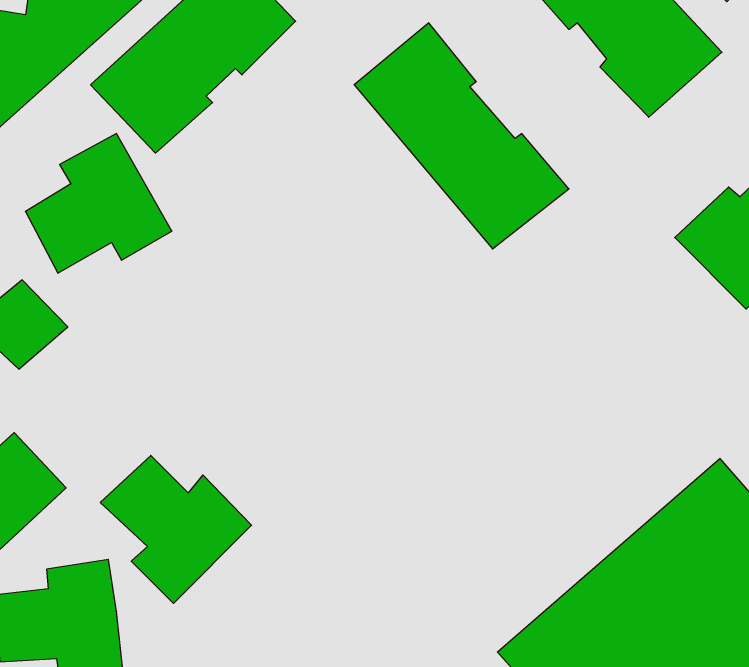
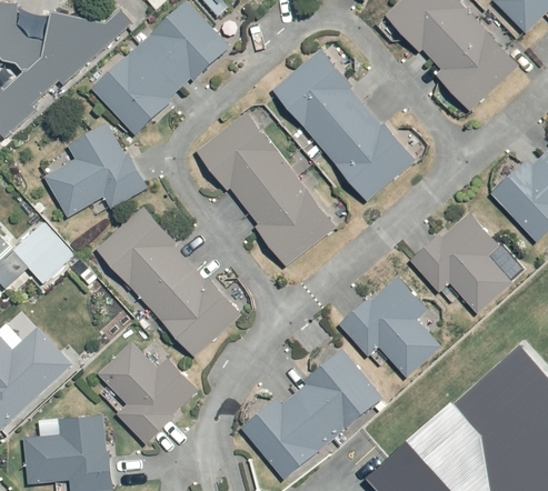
building: none -> [195,112,335,267]
building: none -> [94,206,242,355]
building: none -> [409,213,511,313]
building: none -> [337,275,440,378]
building: none -> [239,349,382,482]

